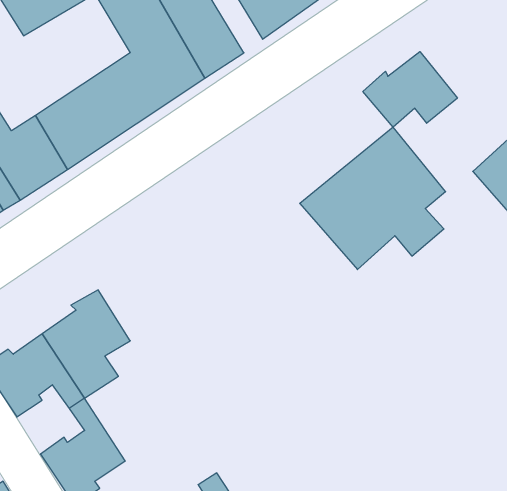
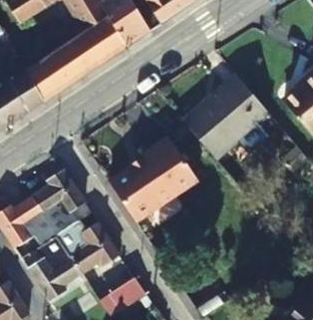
building: [363,52,457,127] -> none
building: none -> [109,135,200,223]
building: none -> [56,221,118,274]

